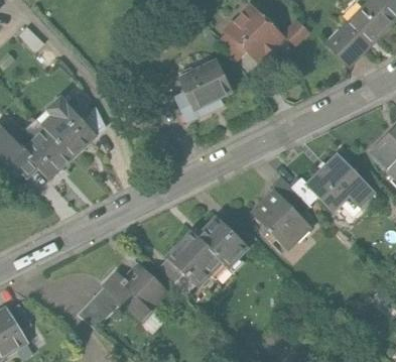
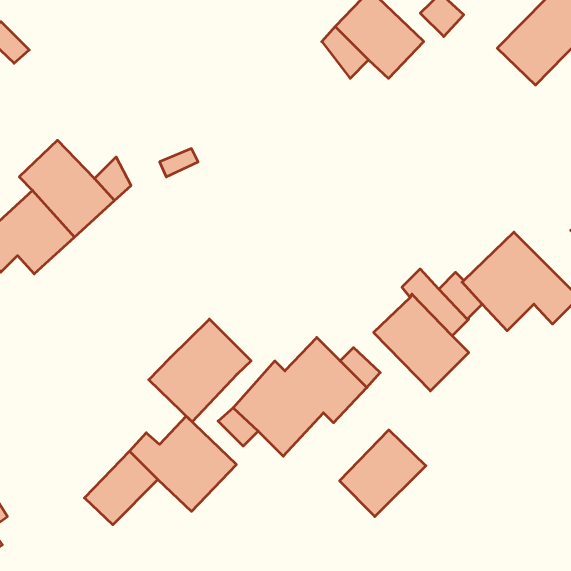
building: [176,62,230,114] -> none
building: none -> [149,319,251,422]
building: none -> [340,430,426,517]

